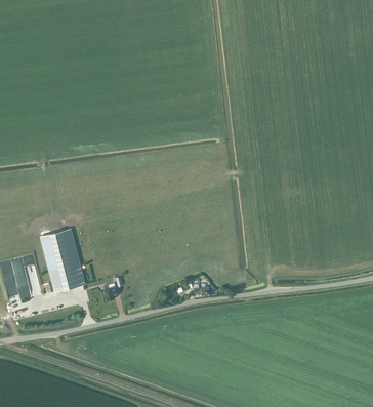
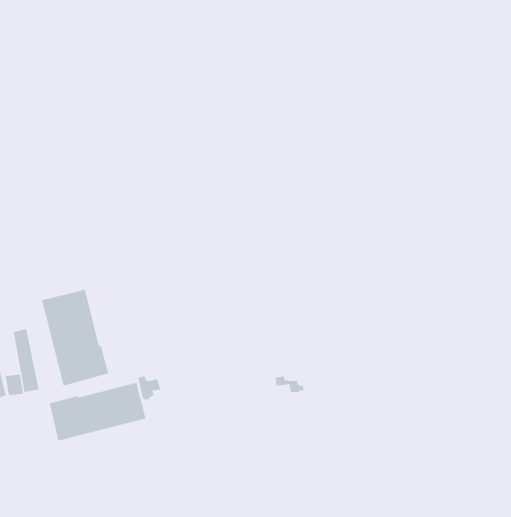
building: none -> [49,382,146,441]

